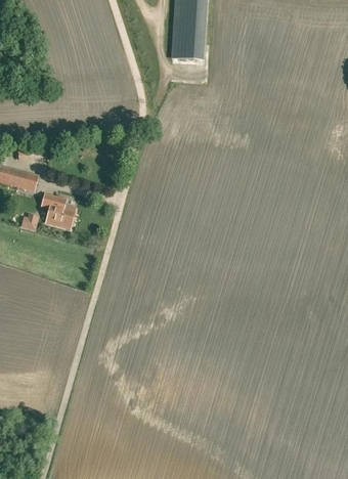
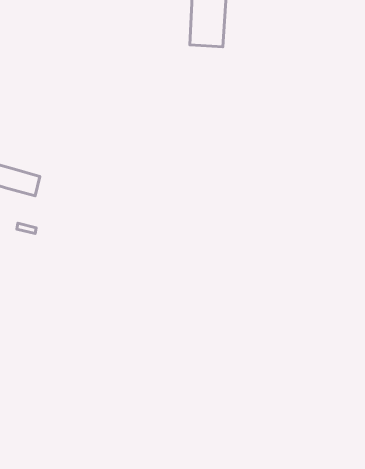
building: [42,193,76,229] -> none

